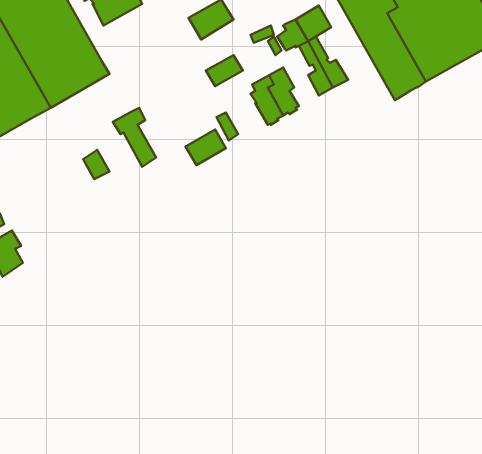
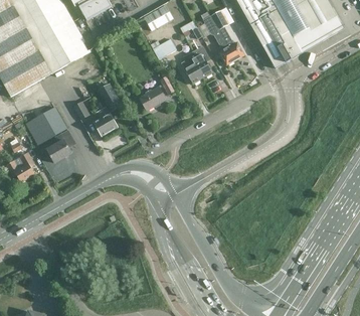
building: none -> [25,107,74,162]
building: none -> [93,107,117,136]

